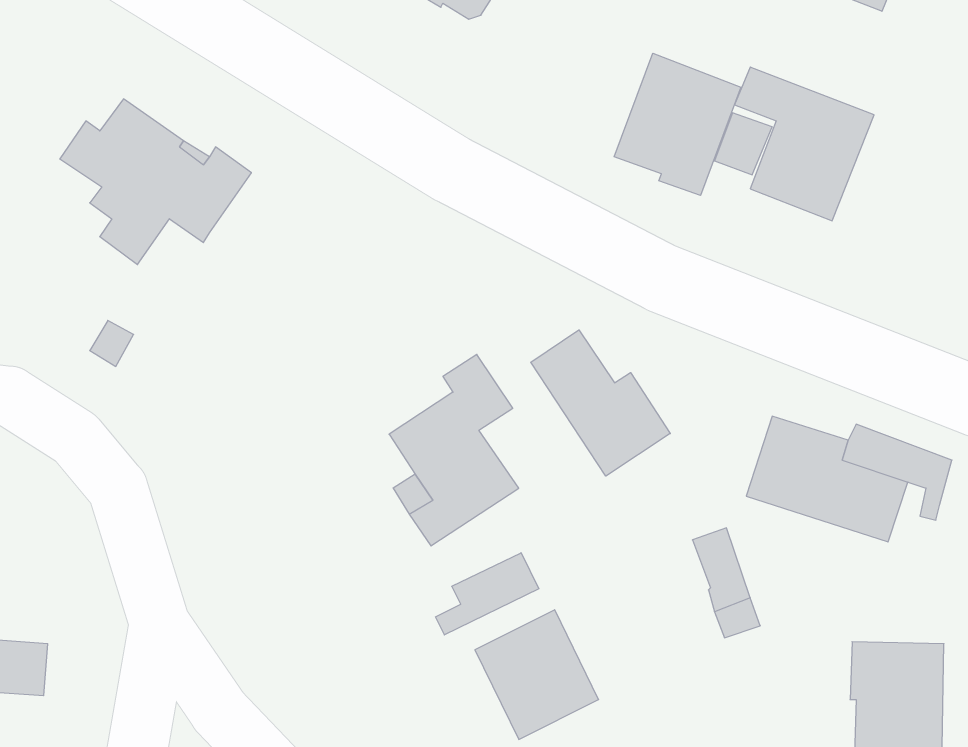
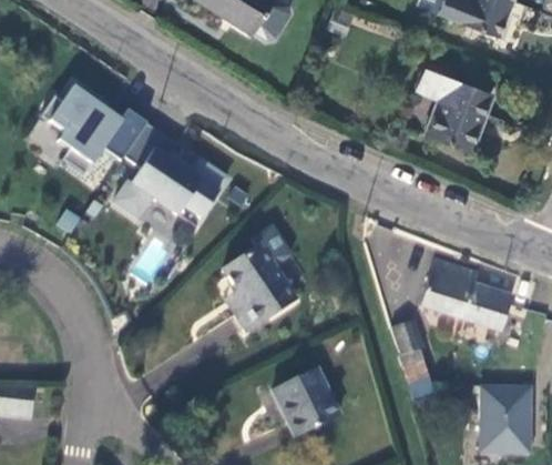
building: [614,53,741,195] -> none
building: none -> [114,124,228,220]
building: [531,330,670,476] -> none
building: [436,553,539,635] -> none

